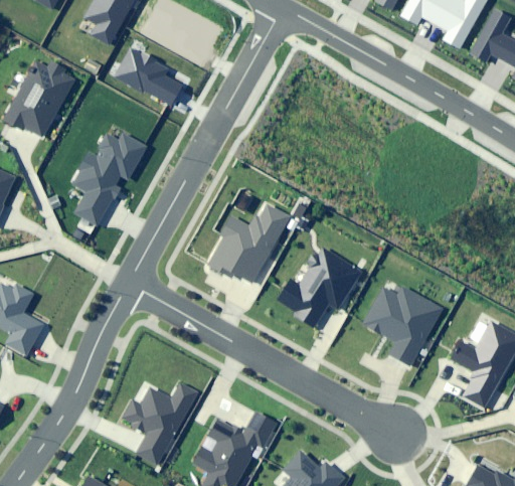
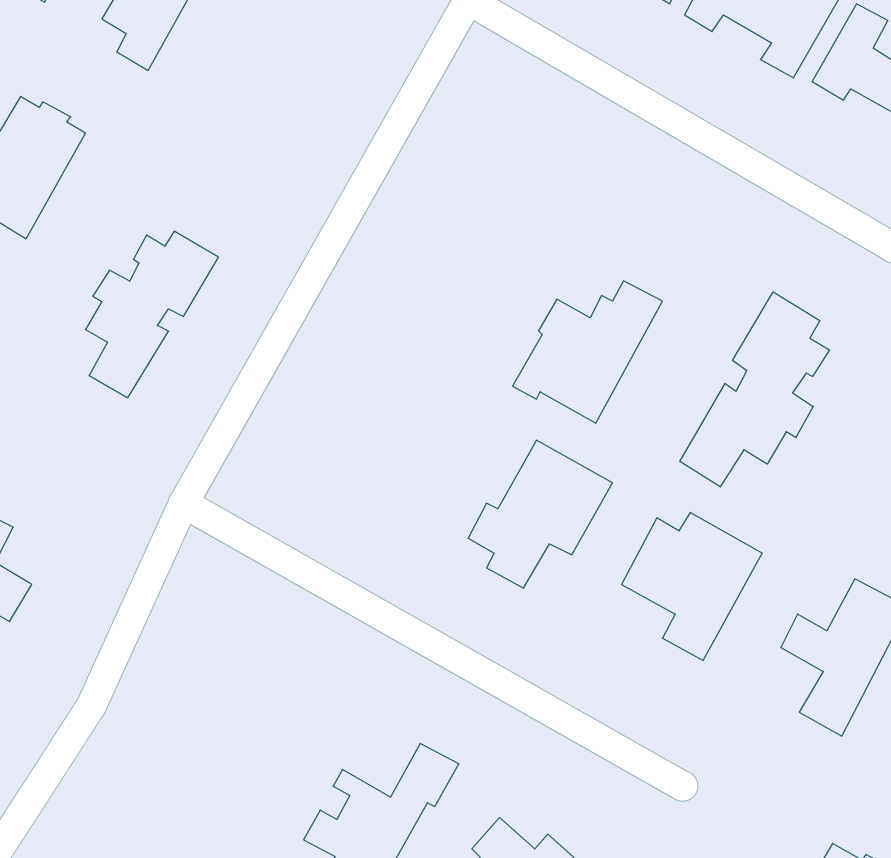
building: [114,47,182,106] -> none
building: none -> [680,292,830,487]
building: [207,206,289,284] -> [513,281,662,423]
building: [123,382,197,465] -> none

